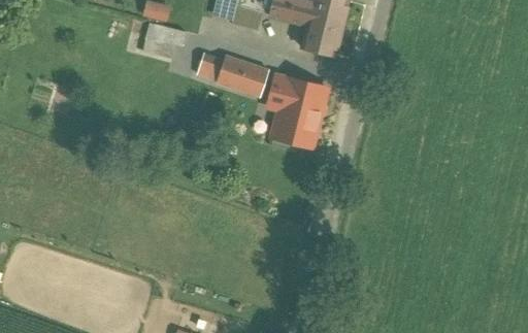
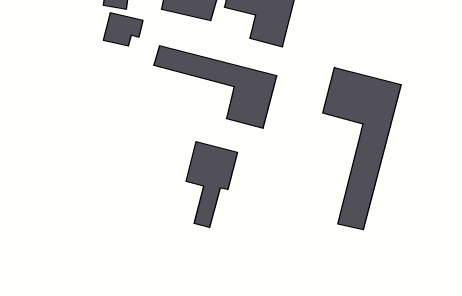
building: none -> [323,67,401,230]
building: none -> [186,142,237,228]

